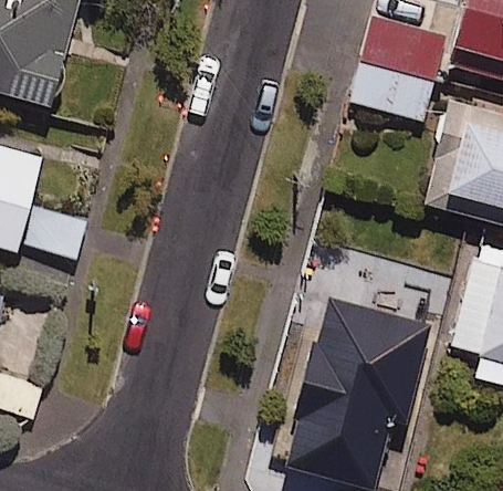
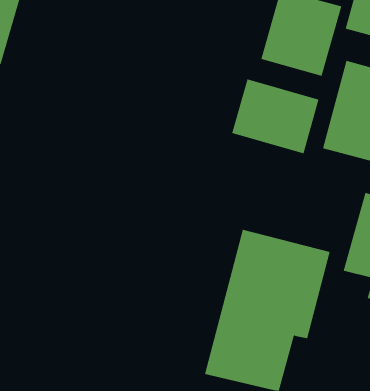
building: none -> [231,78,319,154]

